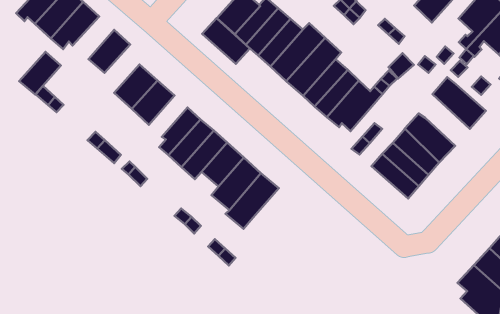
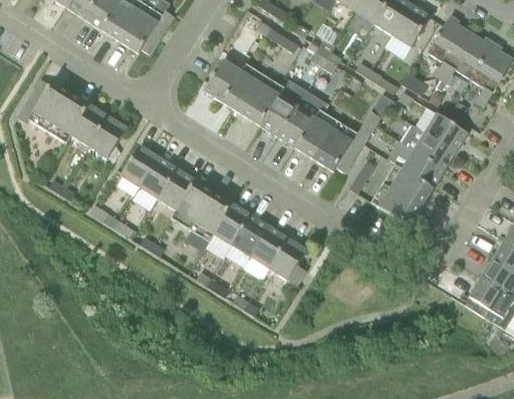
building: [202,18,250,64] -> none
building: [19,52,61,95] -> [74,107,110,148]
building: none -> [402,124,456,170]
building: none -> [158,168,191,208]
building: none -> [269,237,307,285]

